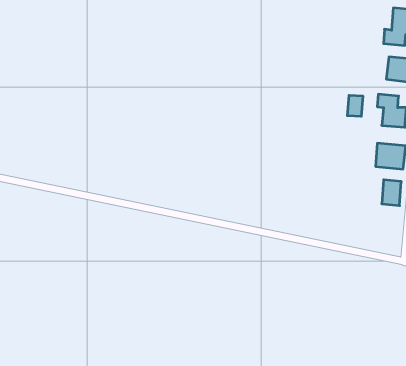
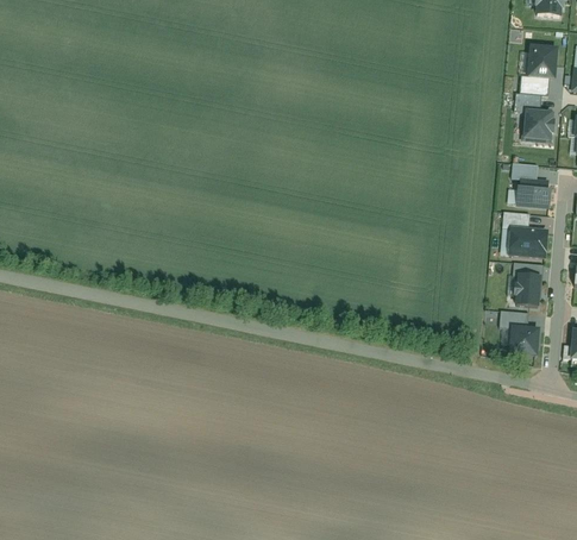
building: [347,95,363,116] -> none
building: none -> [507,322,538,352]

